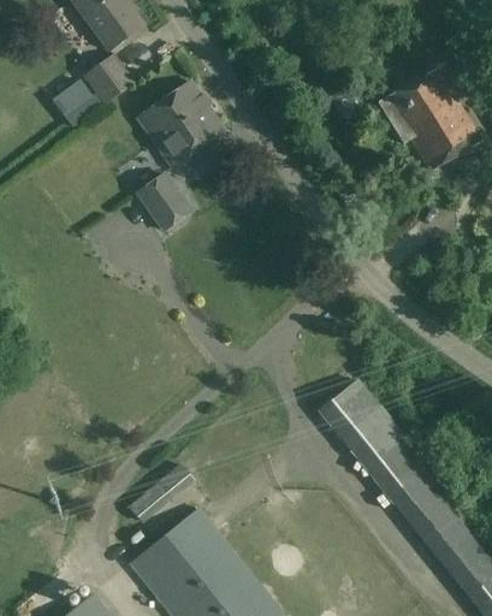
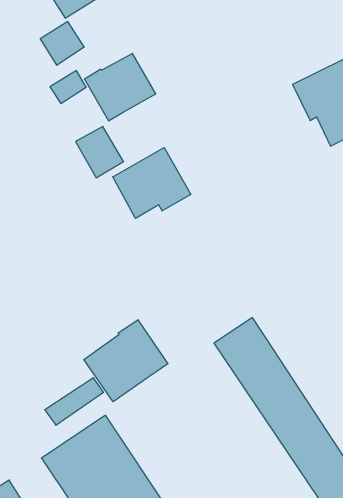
building: [52,78,94,118] -> [50,71,86,103]
building: none -> [113,148,191,218]
building: none -> [84,320,168,402]

